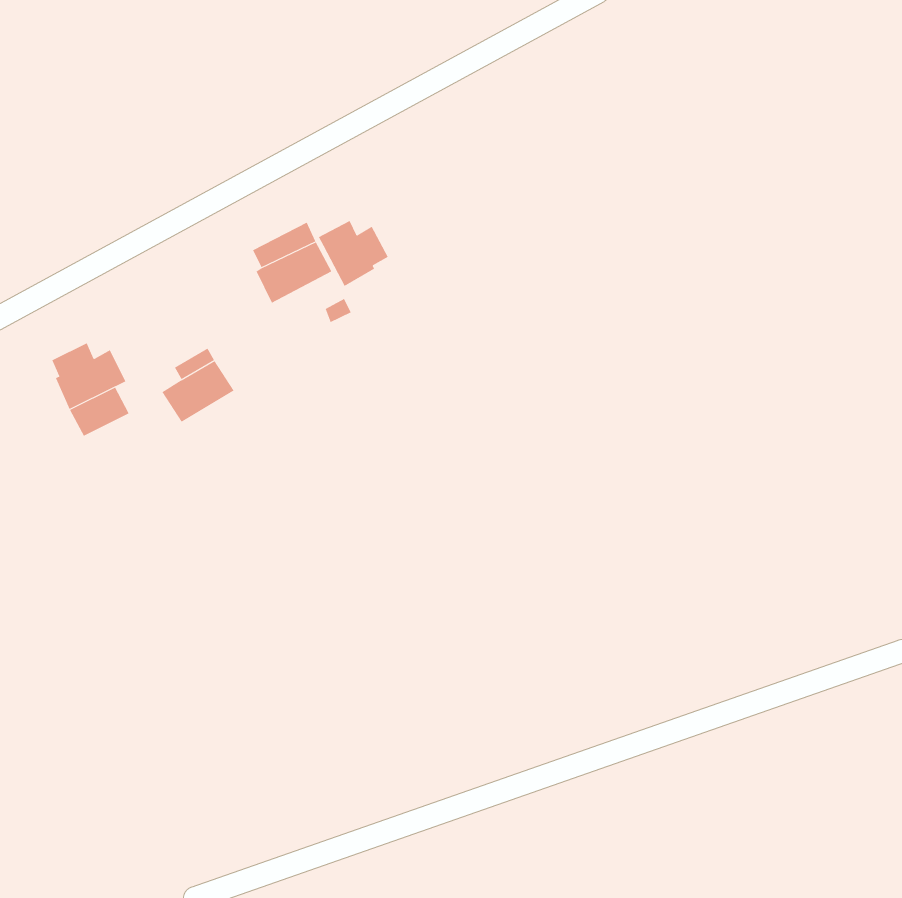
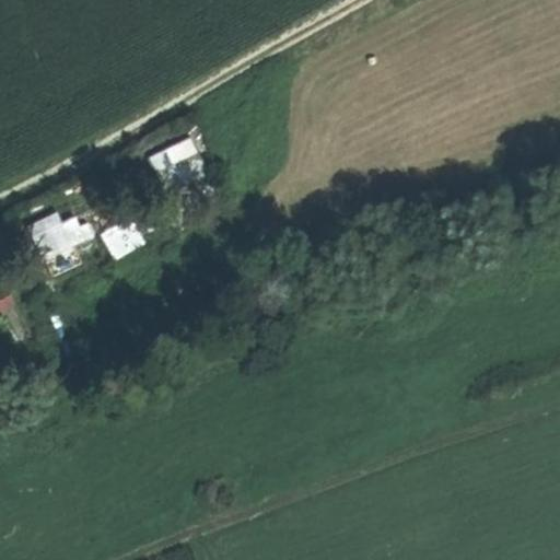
building: [318,220,388,287] -> none

